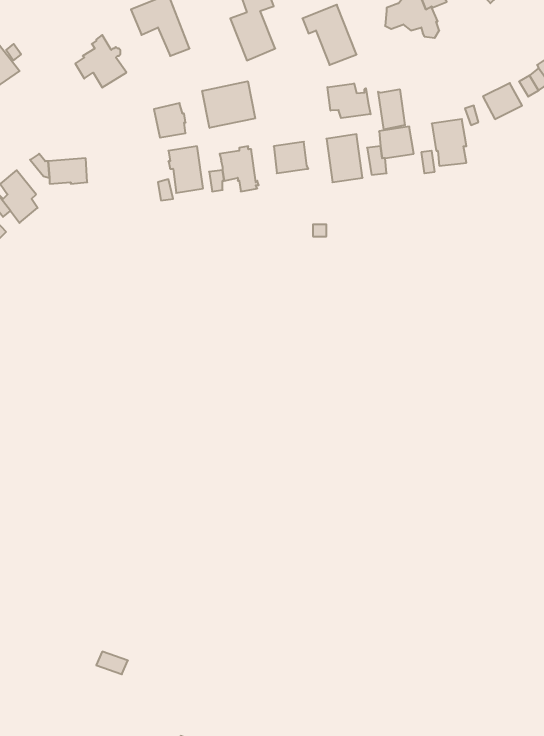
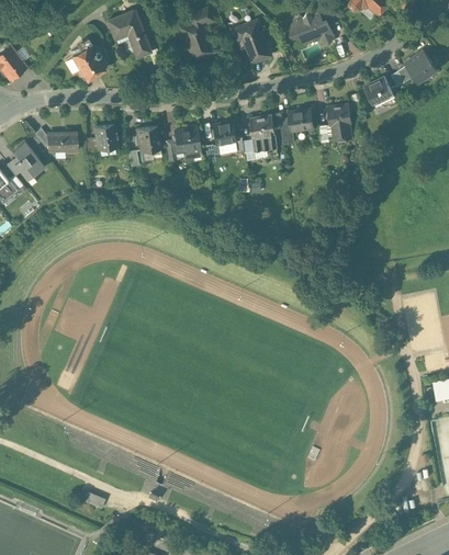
building: [202,81,255,128] -> none
building: [327,83,371,118] -> none
building: [378,89,405,129] -> none
building: [154,103,186,138] -> [93,122,116,147]

